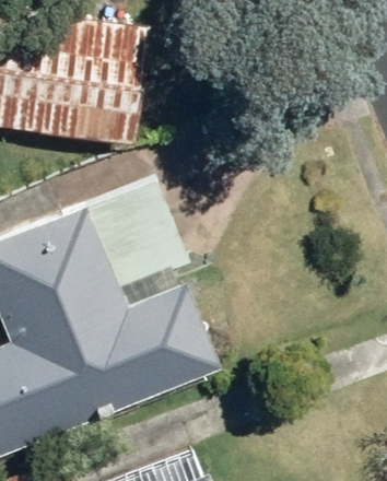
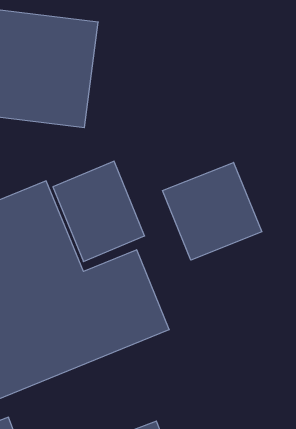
building: none -> [163,162,262,260]

